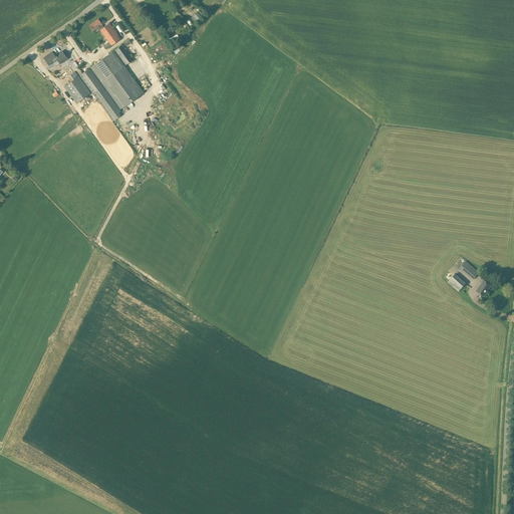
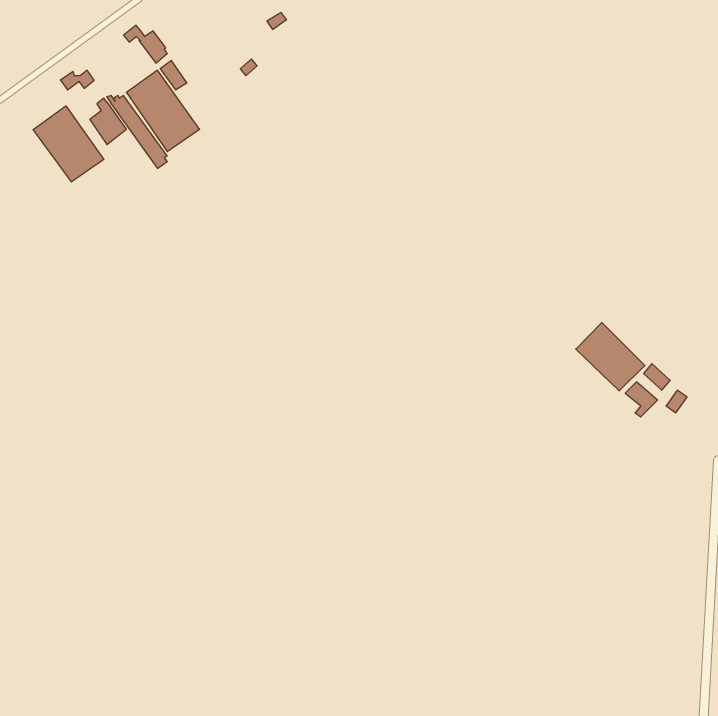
building: none -> [33,106,104,182]
building: none -> [576,322,645,391]

